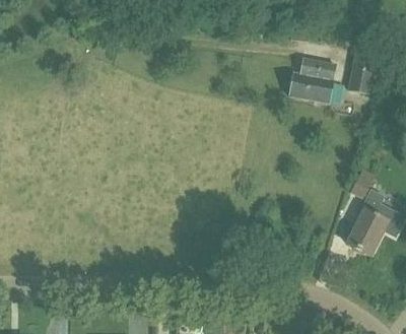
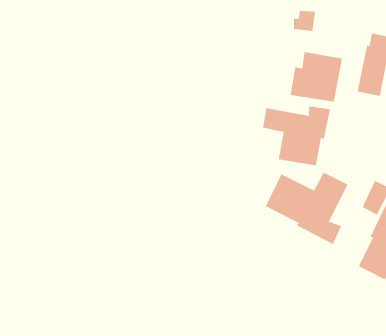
building: none -> [263,105,331,166]
building: none -> [265,172,348,245]

